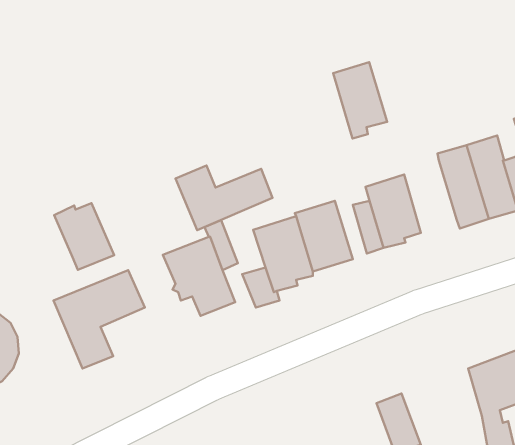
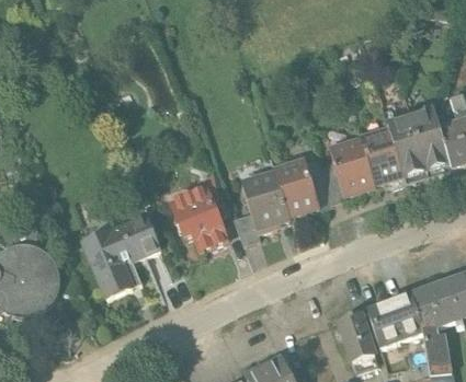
building: [333,62,387,138] -> [360,128,402,188]
building: [176,165,272,230] -> none
building: [54,203,114,270] -> none
building: none -> [367,292,422,346]

